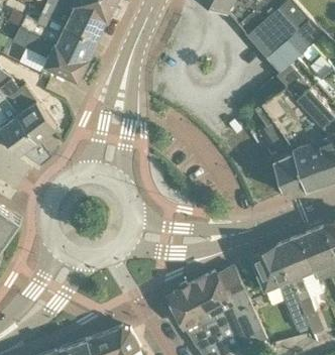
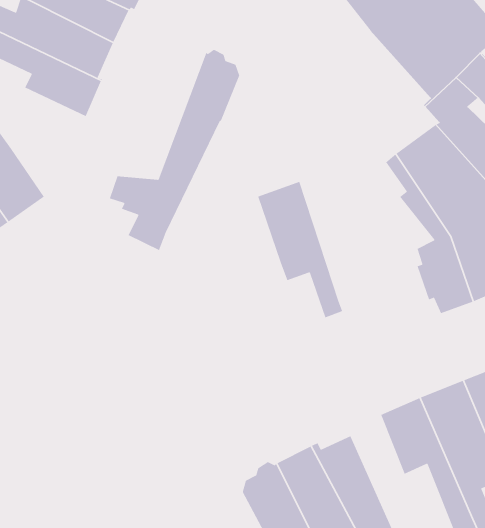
building: none -> [109,49,240,251]
building: none -> [257,181,343,319]

